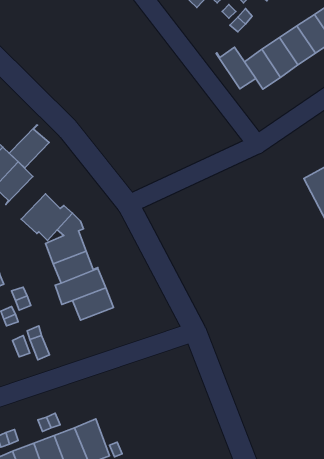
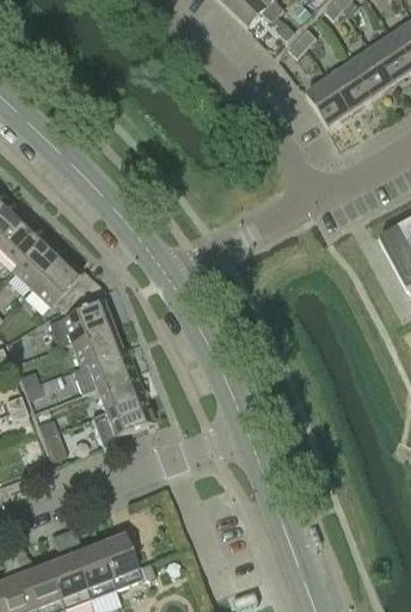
building: [216,47,256,89] -> none
building: [9,125,49,168] -> [12,234,61,287]
building: none -> [91,396,154,446]

